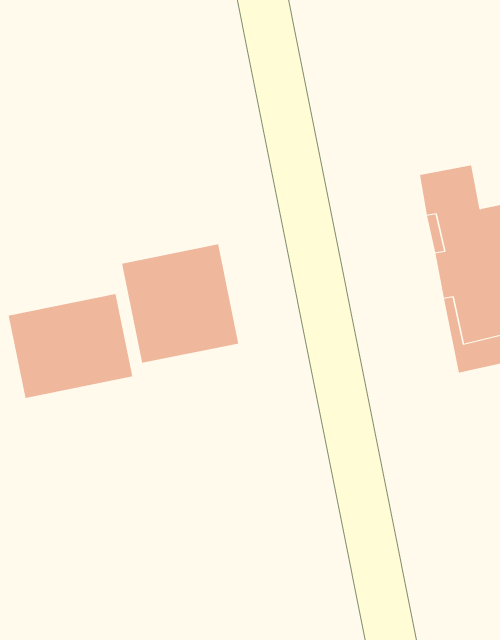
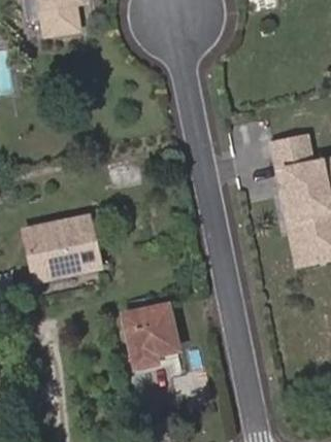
building: [121,243,239,364] -> none
building: none -> [123,305,177,367]

